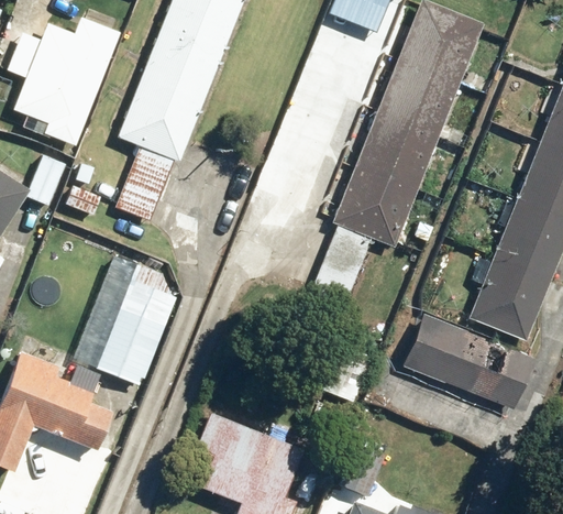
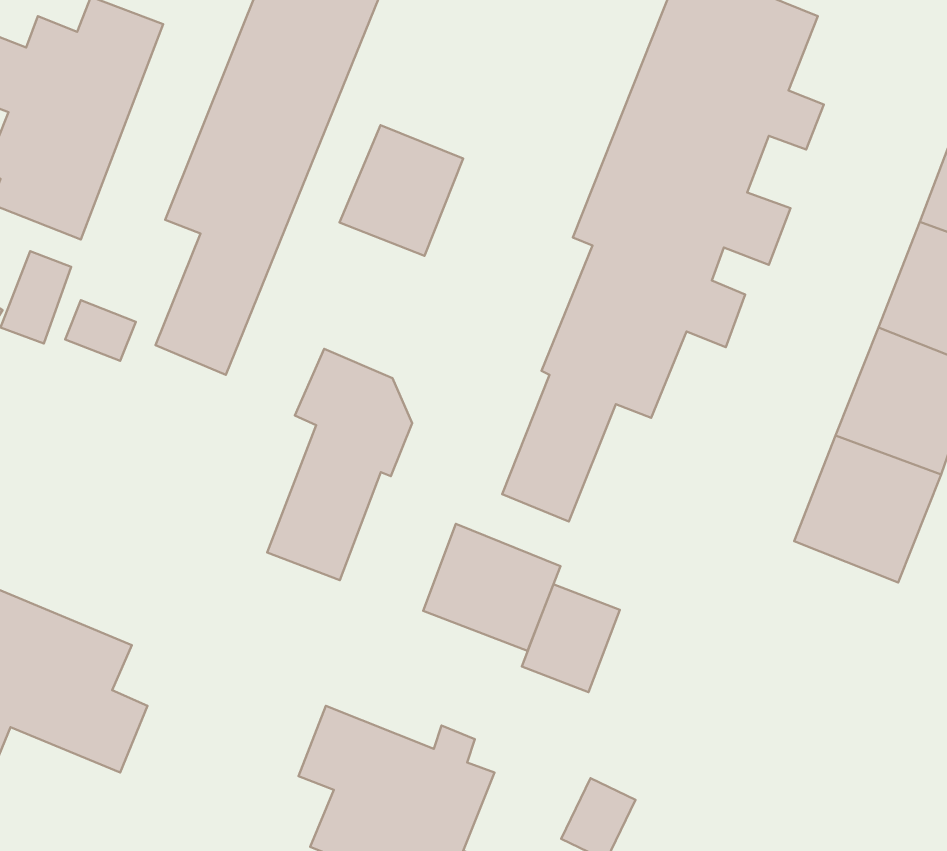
building: none -> [340,125,463,256]
building: [95,258,176,387] -> [267,349,412,580]
building: none -> [423,524,560,651]
building: [399,310,537,411] -> none

